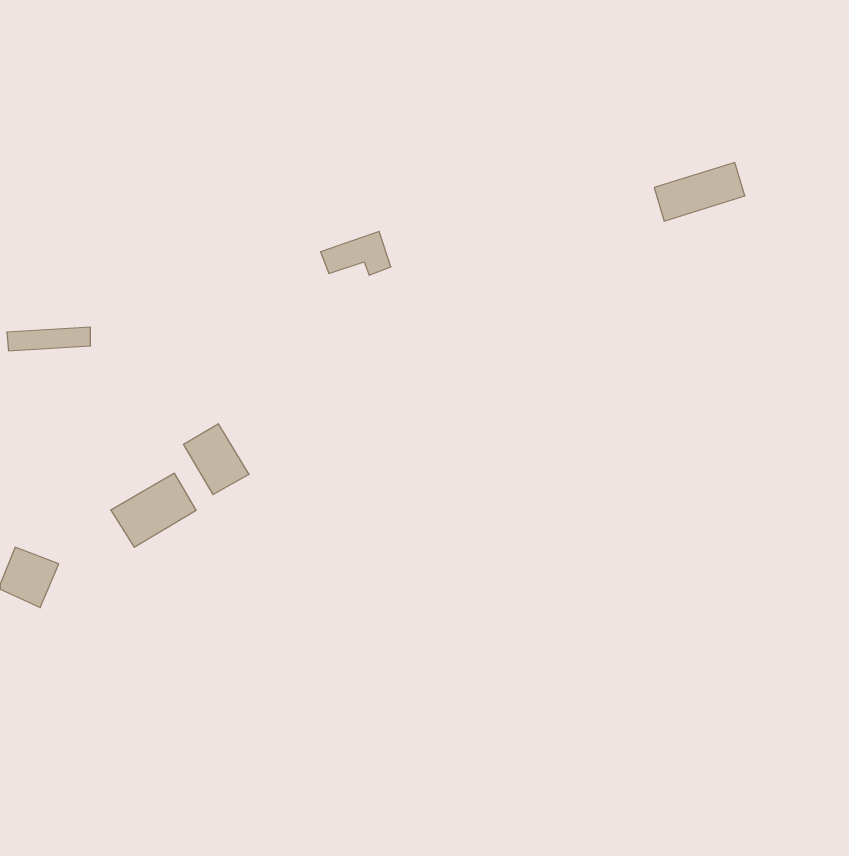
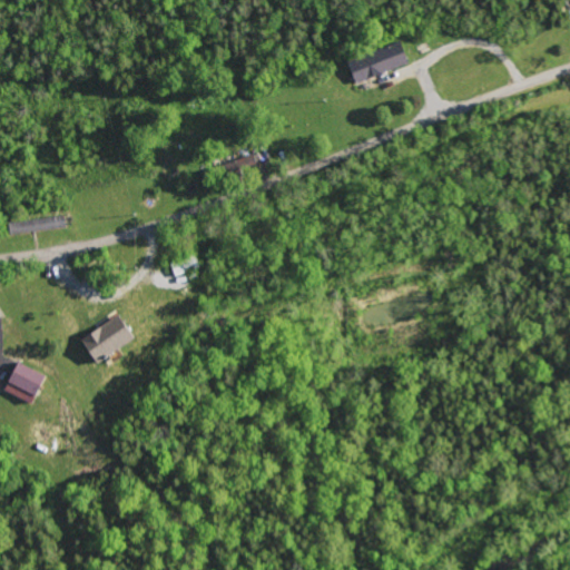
building: [654,162,745,221] -> [348,42,409,81]
building: [184,424,249,495] -> none

